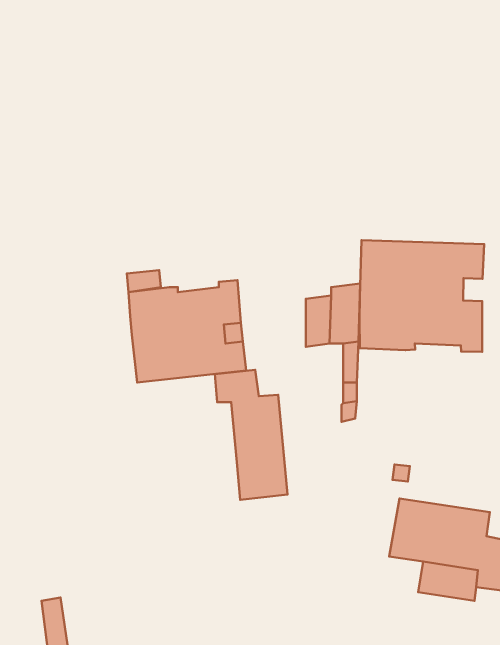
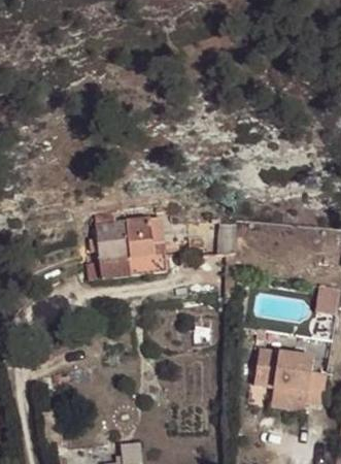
building: [360,240,484,352] -> none
building: [215,370,287,500] -> none

